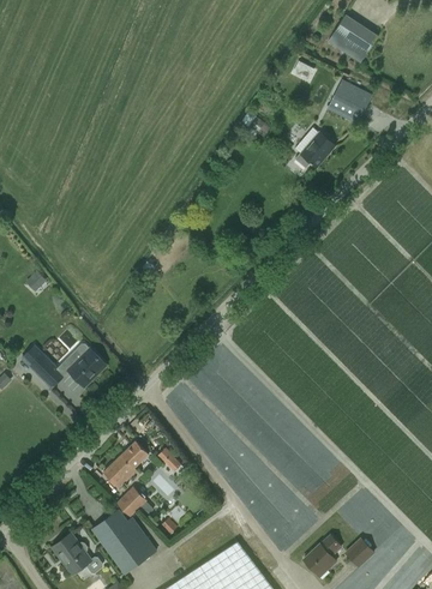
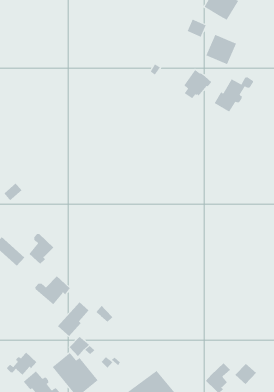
building: none -> [214,77,253,113]
building: none -> [35,276,71,305]
building: none -> [7,352,37,376]

